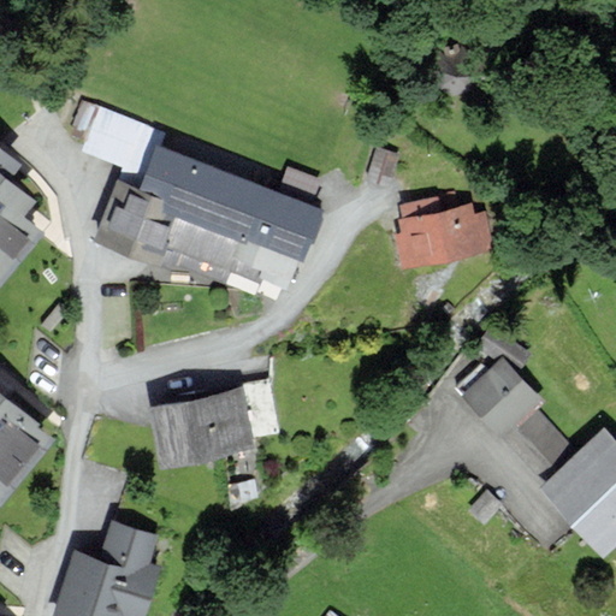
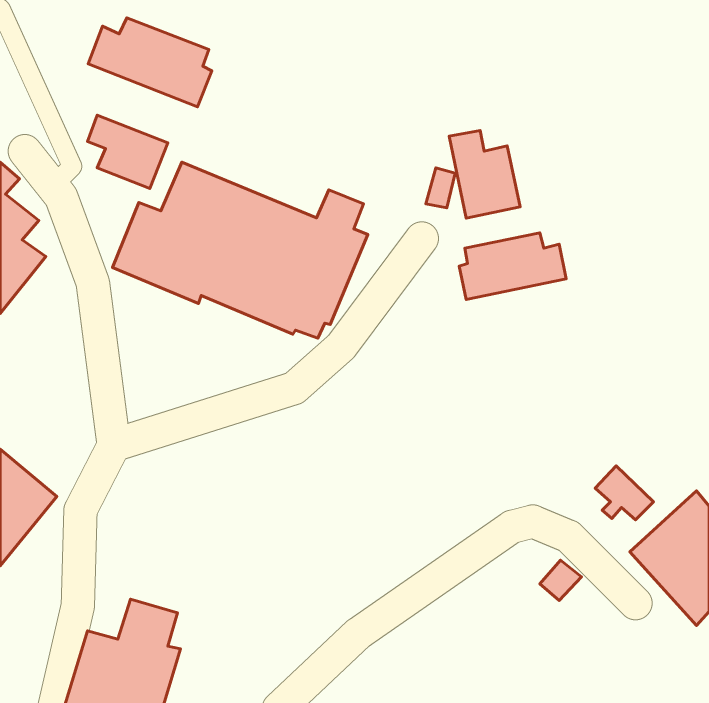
building: none -> [88,18,212,107]
building: none -> [449,130,520,218]
building: [463,363,538,438] -> none
building: [153,391,249,462] -> none

